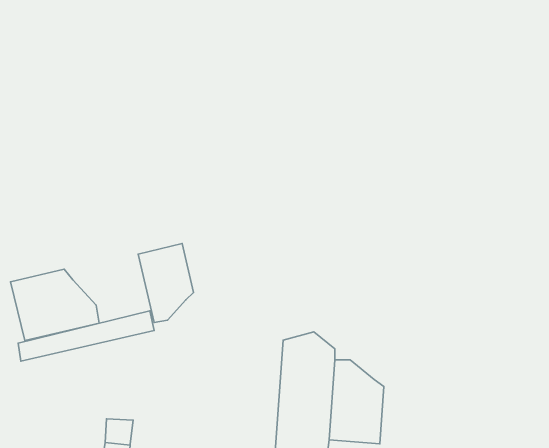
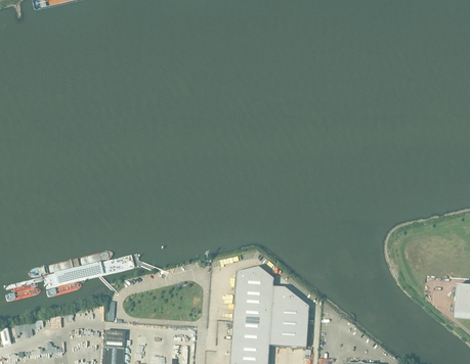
building: [138,243,194,322] -> none
building: [11,269,99,340] -> none

